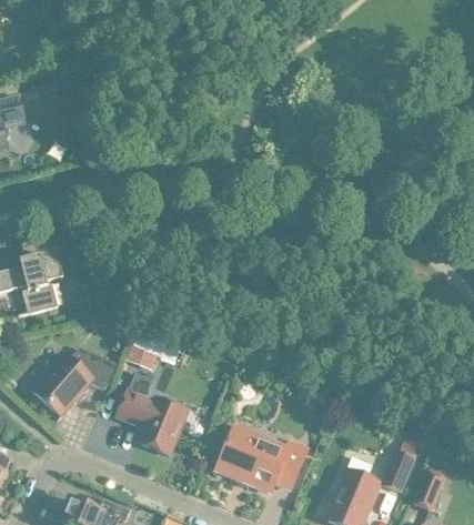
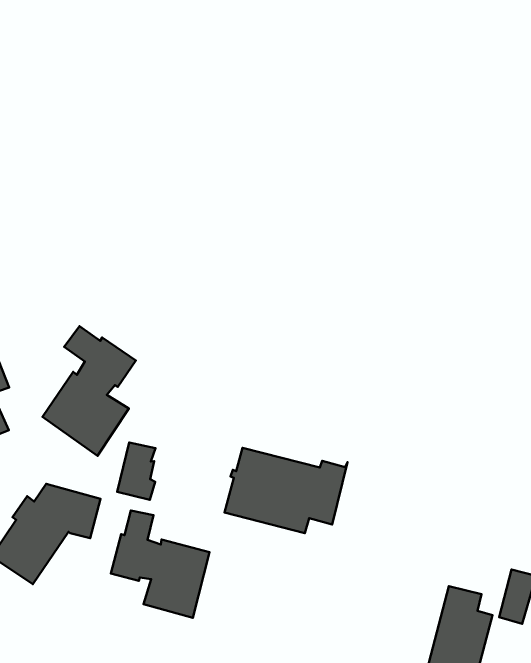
building: none -> [42,326,136,456]
building: [215,426,306,492] -> [224,448,348,533]

